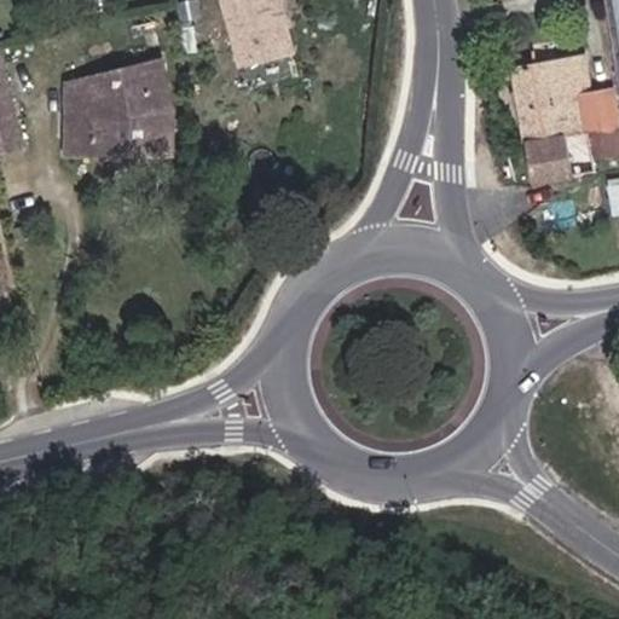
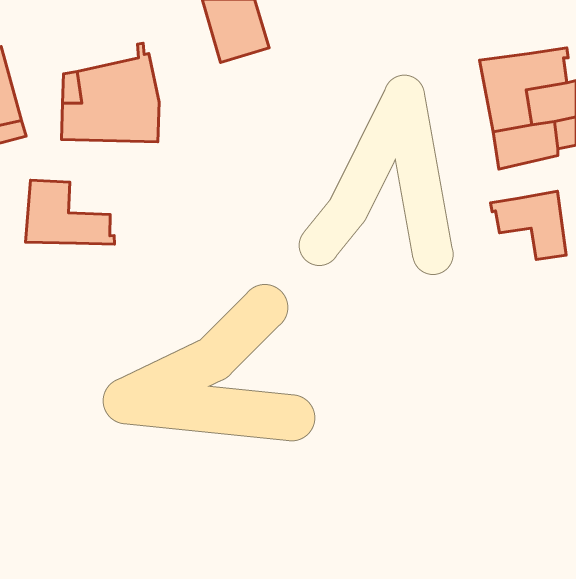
building: none -> [26,180,114,244]
building: none -> [490,191,566,259]

